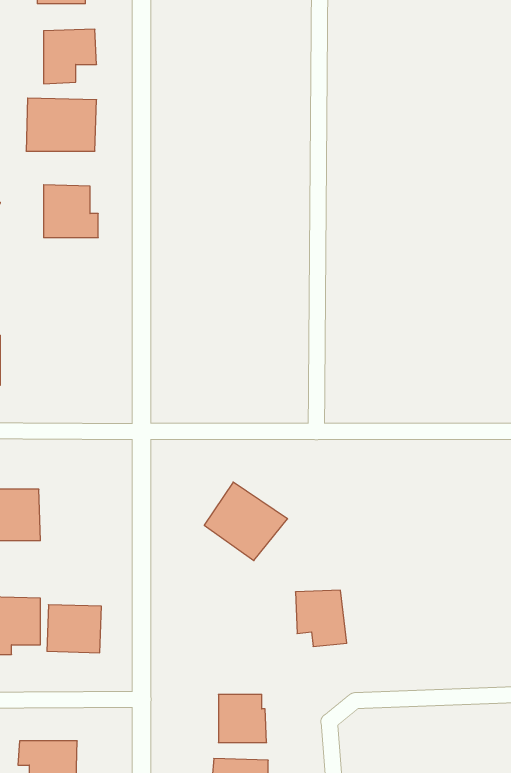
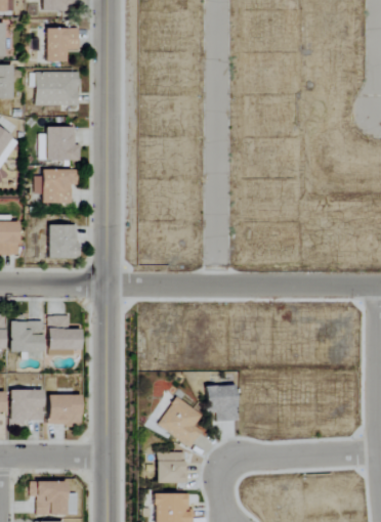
building: none -> [35,168,79,203]
building: none -> [48,224,81,258]
building: none -> [48,314,83,354]
building: [204,482,288,561] -> [159,396,212,446]

